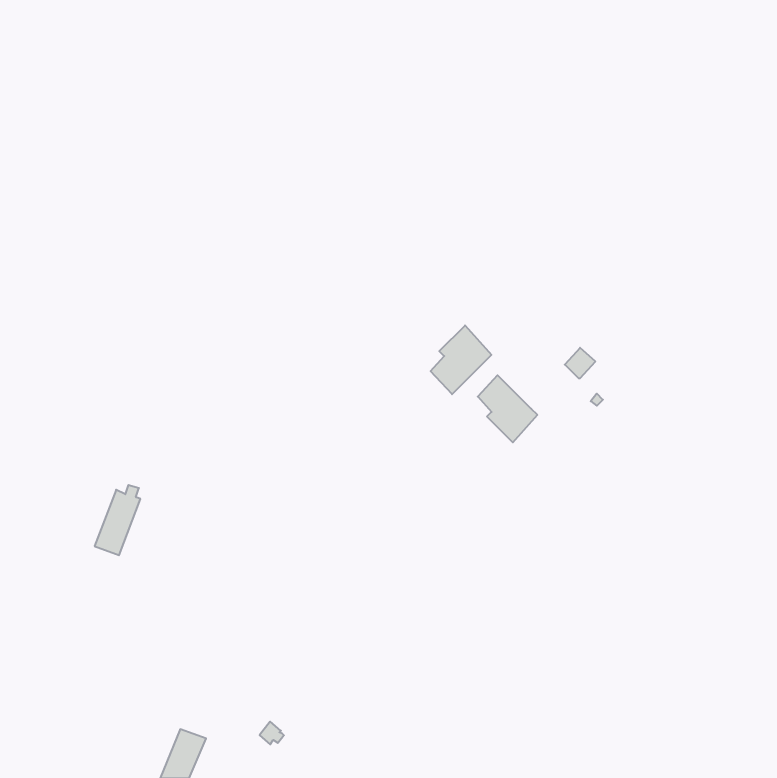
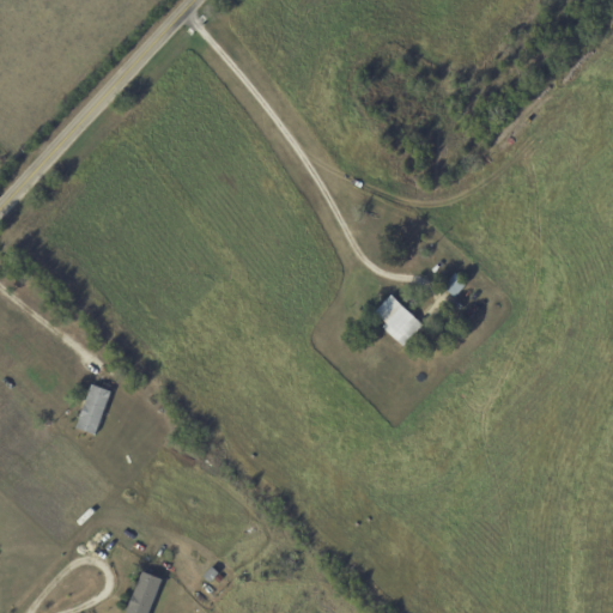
building: [431,325,491,394] -> none

